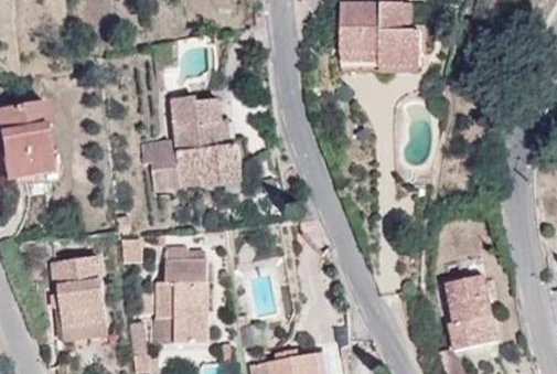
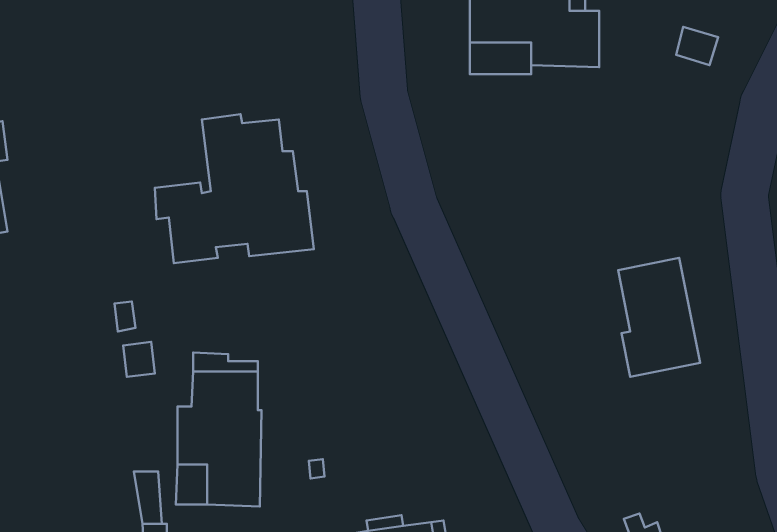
building: [50,257,107,340] -> none
building: [446,275,497,350] -> [618,258,700,377]

